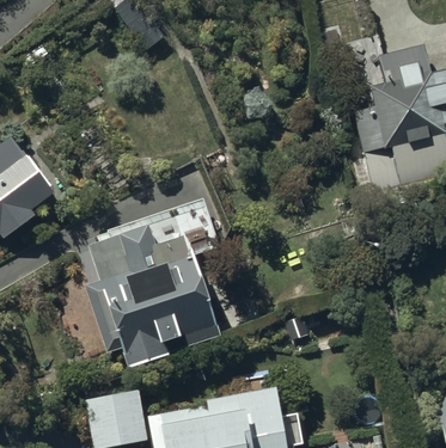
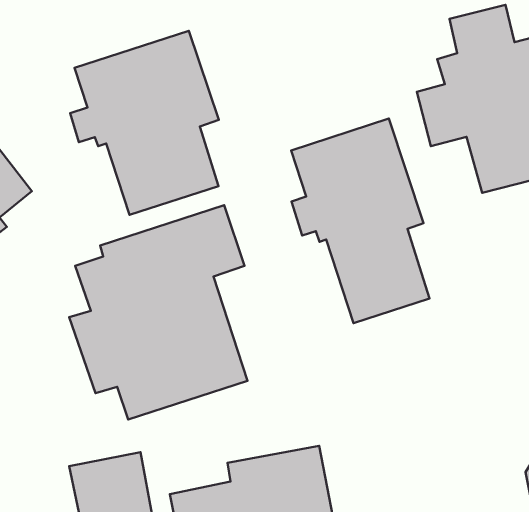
building: none -> [70,31,219,215]
building: none -> [291,119,430,323]

